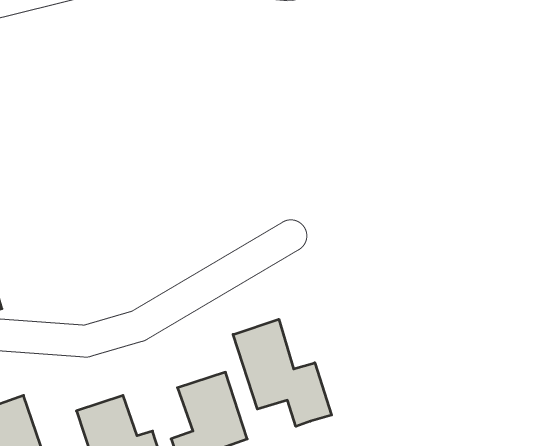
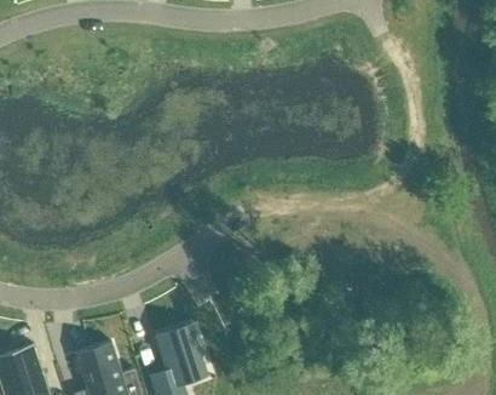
building: [233,319,332,426] -> none

